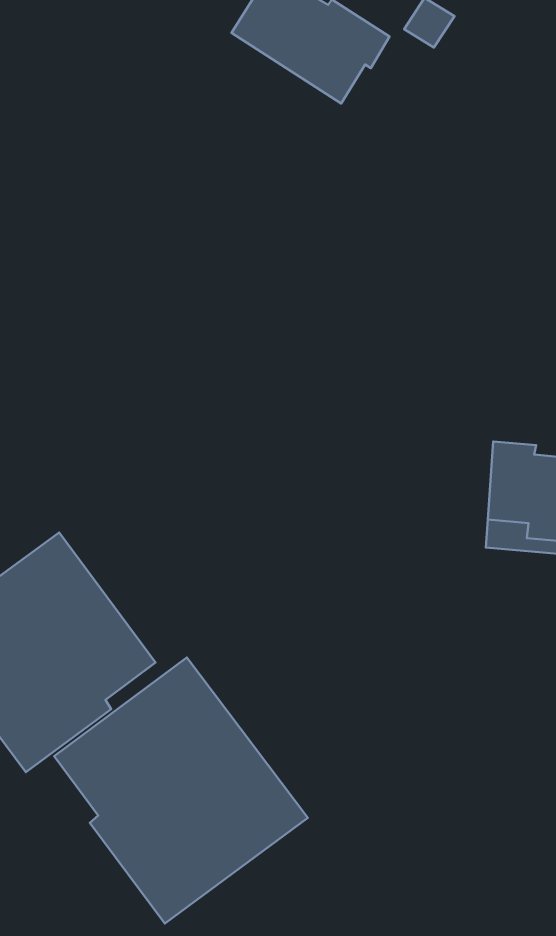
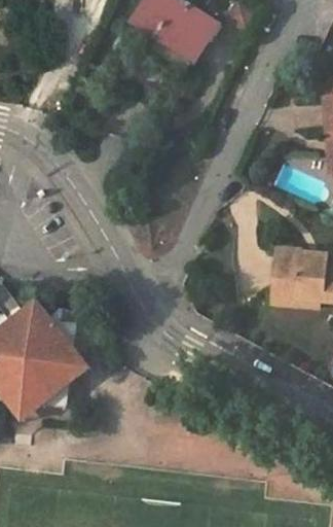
building: [54,658,308,923] -> none

